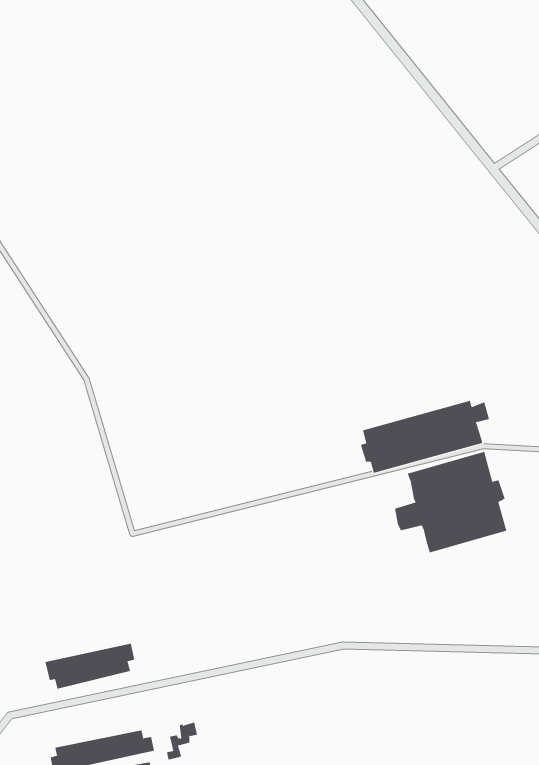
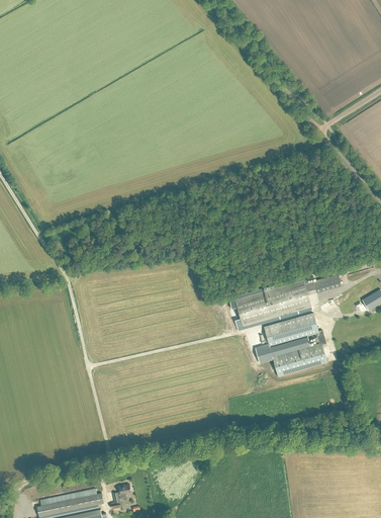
building: [45,643,135,690] -> none

